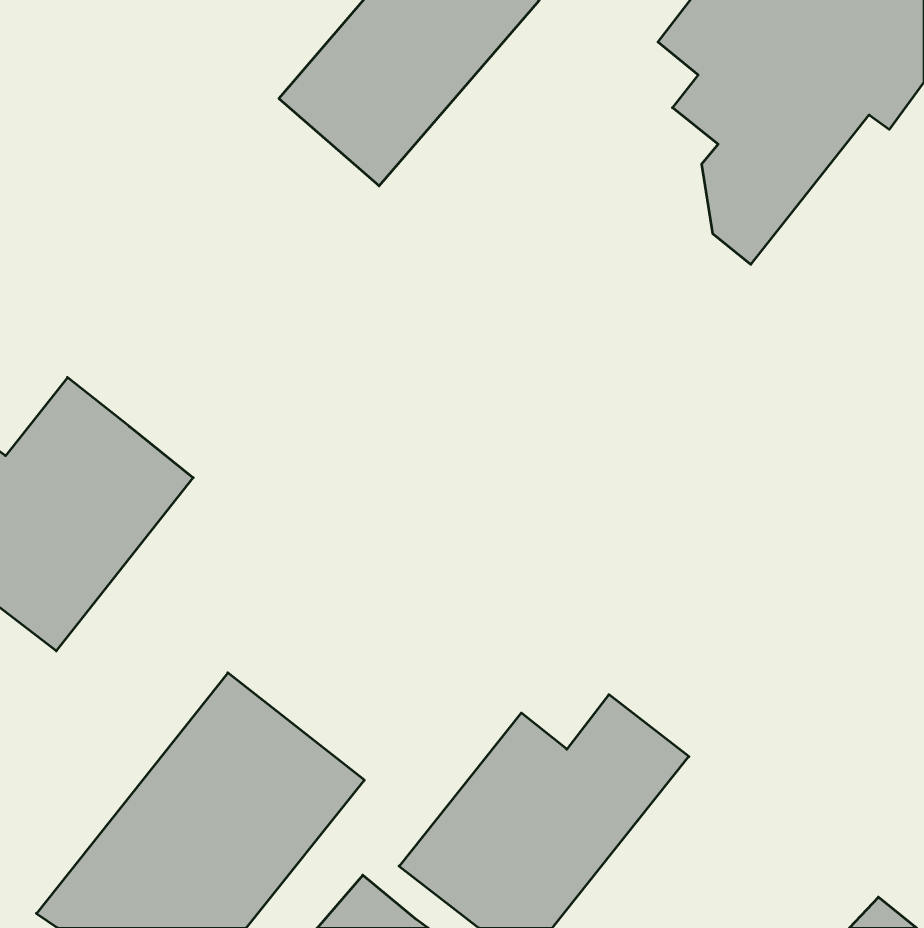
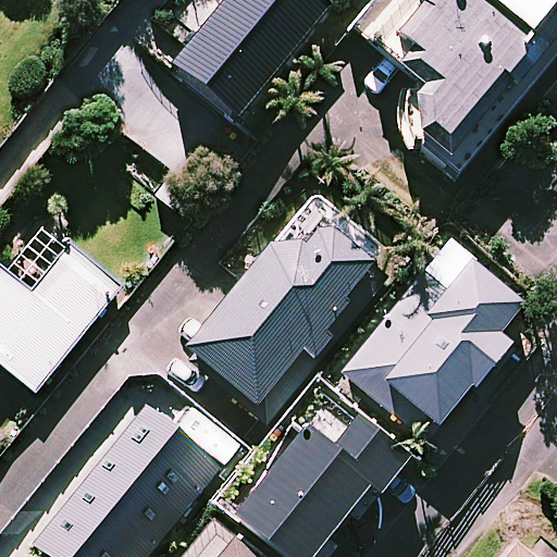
building: none -> [191,194,394,411]
building: none -> [342,242,525,426]

